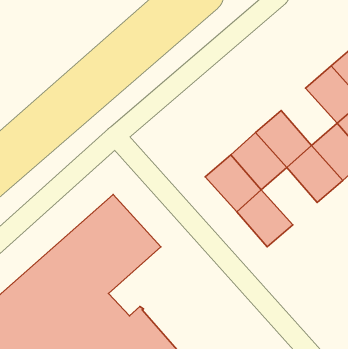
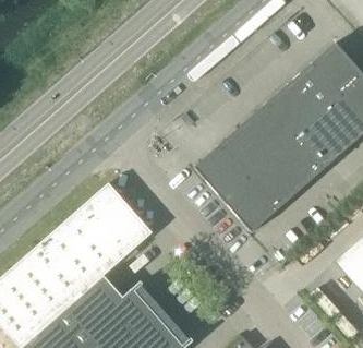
building: none -> [265,84,317,137]
building: none -> [246,158,299,212]

